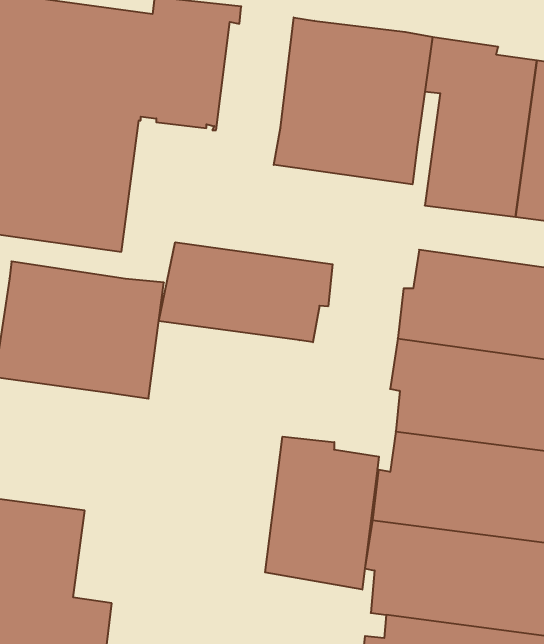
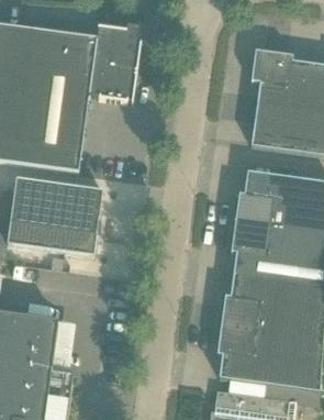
building: [274,17,432,184] -> none
building: [159,242,333,342] -> none
building: [265,437,379,590] -> none

